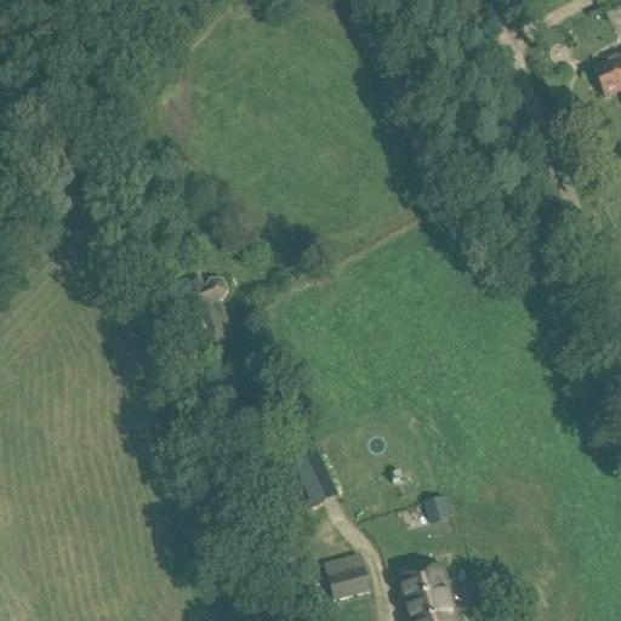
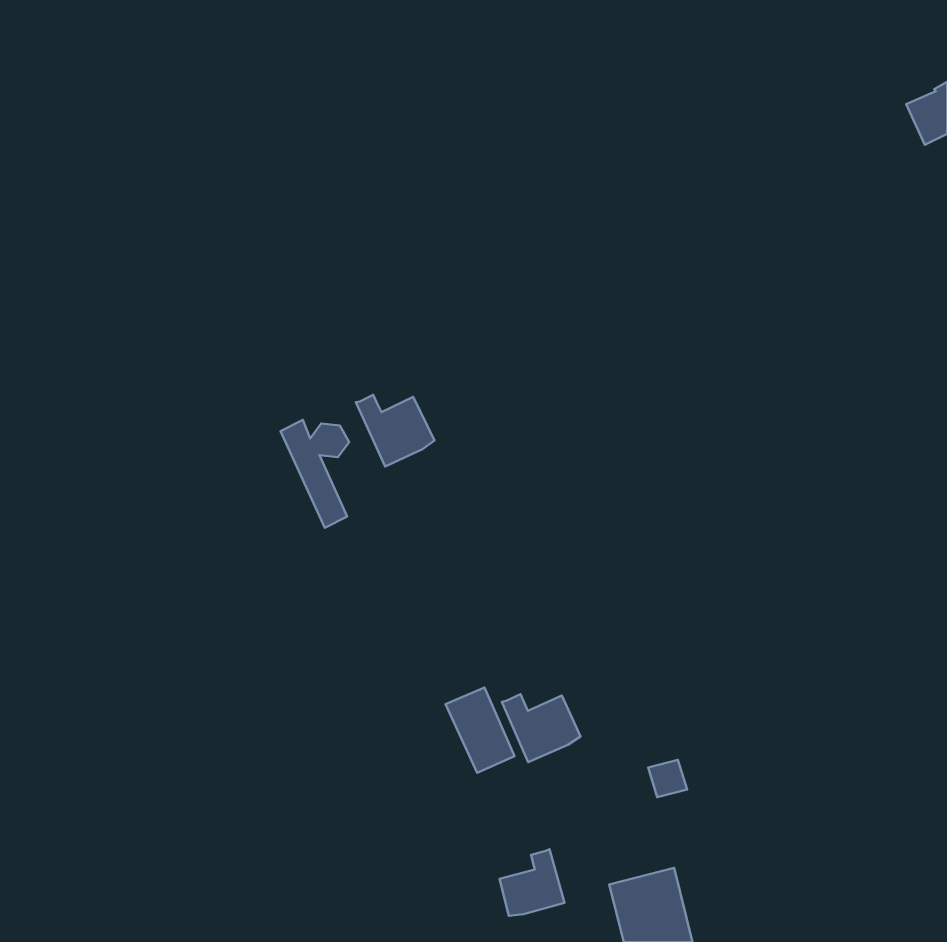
building: none -> [356,395,434,466]
building: none -> [502,694,581,762]

